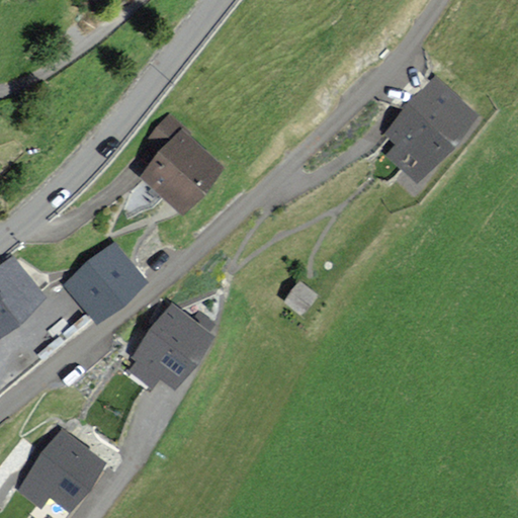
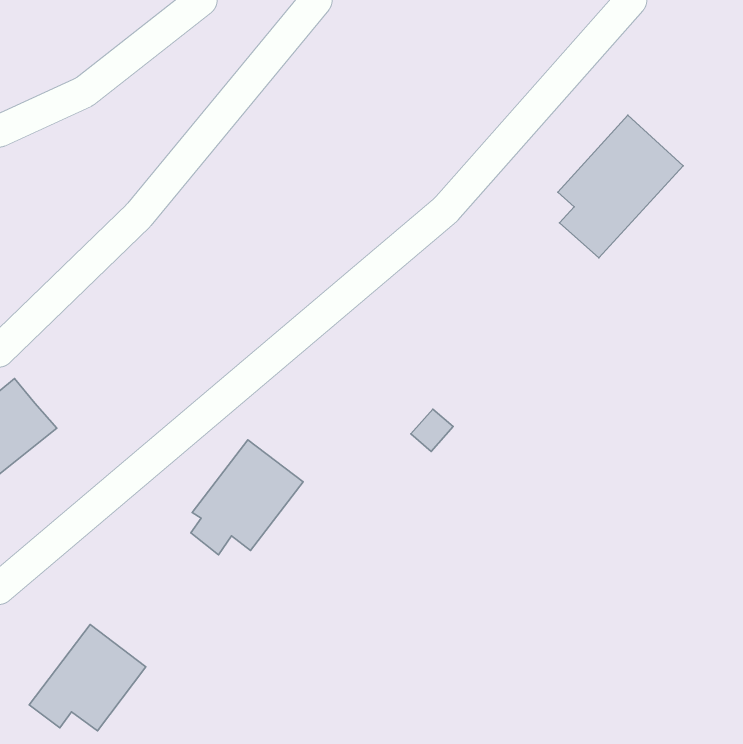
building: [141,119,220,210] -> none
building: [67,247,142,318] -> none

